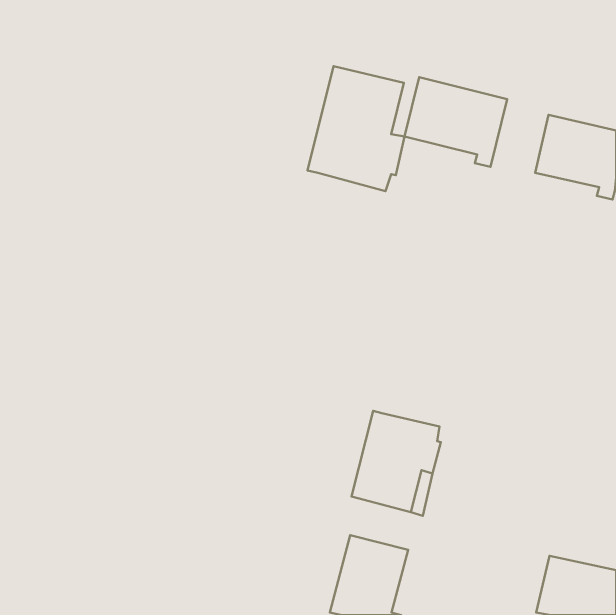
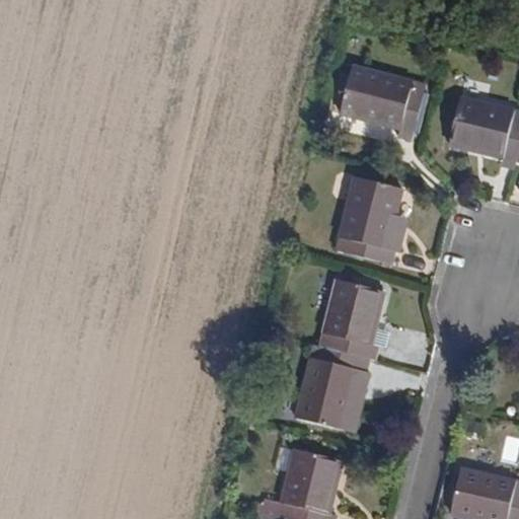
building: [308,66,405,191] -> none
building: none -> [336,176,402,264]
building: none -> [320,279,384,360]

